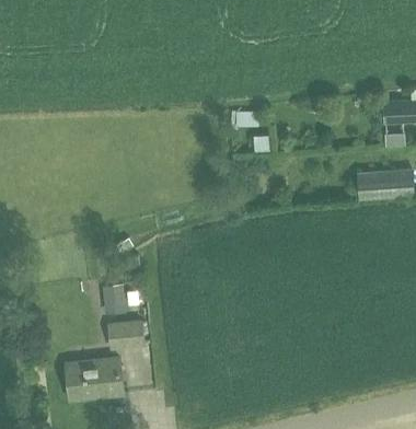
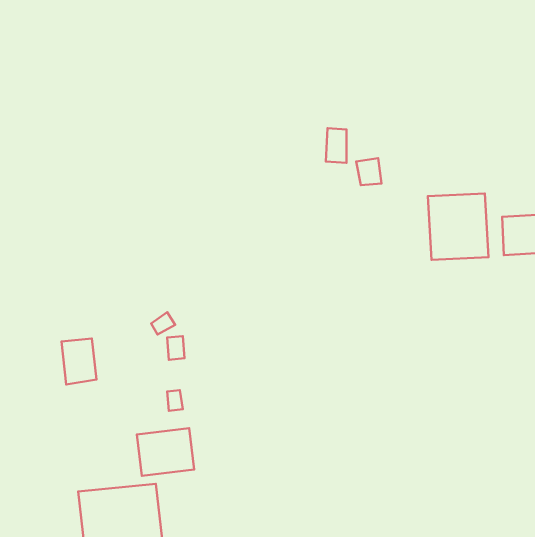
building: none -> [428,193,489,260]
building: [103,285,127,316] -> [62,338,96,384]

